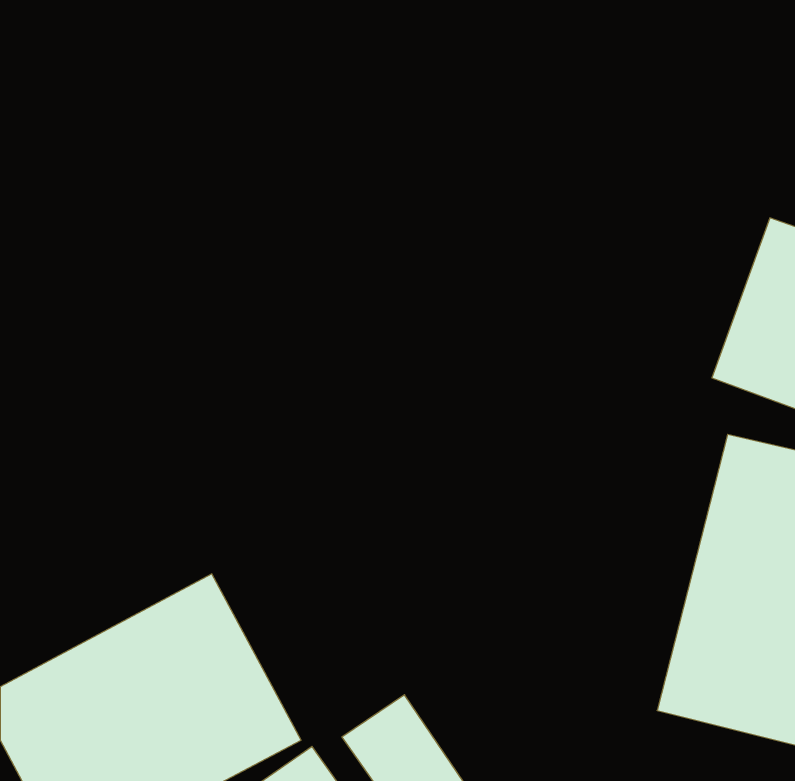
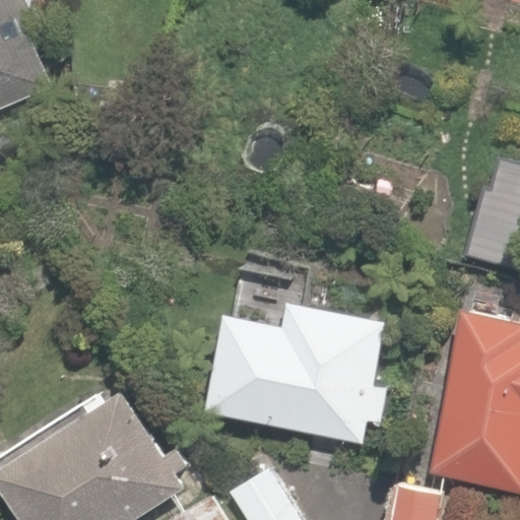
building: none -> [204,298,381,442]

